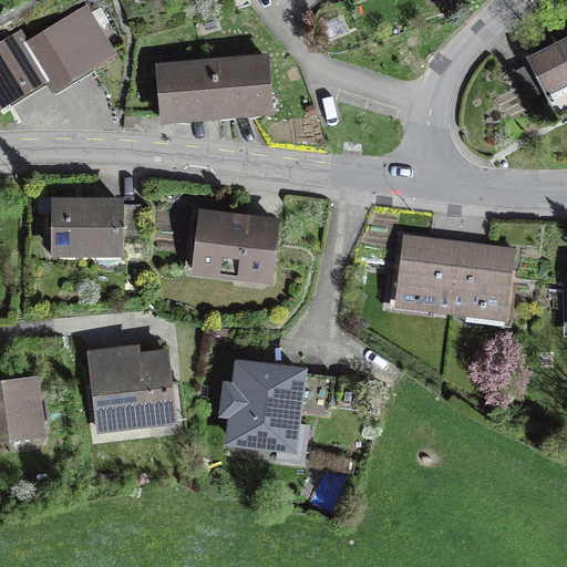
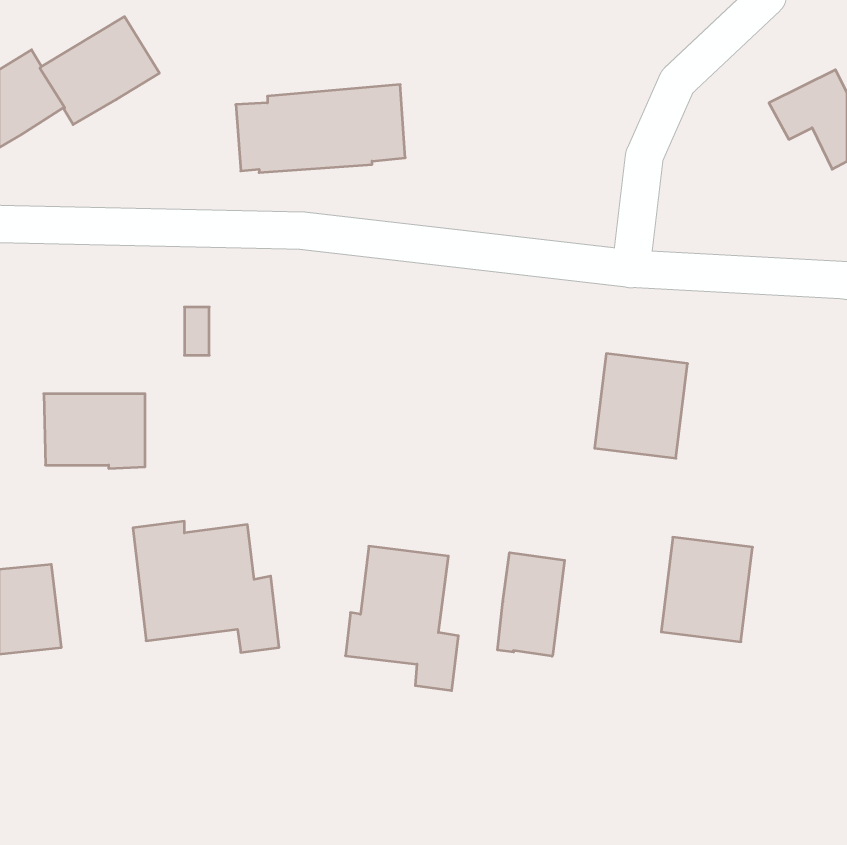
building: [52,202,120,251] -> [44,394,145,468]
building: [194,213,276,275] -> none
building: [451,243,512,312] -> [661,537,753,642]
building: none -> [498,553,565,656]

